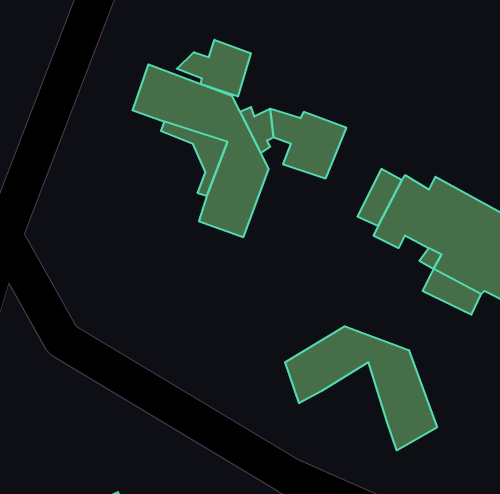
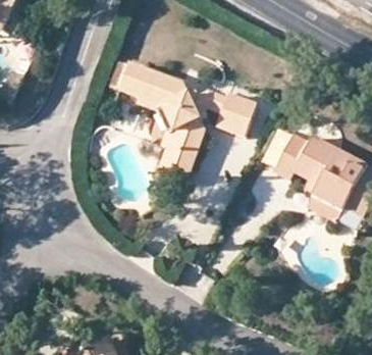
building: [177,40,251,97] -> none
building: [285,326,437,450] -> none

